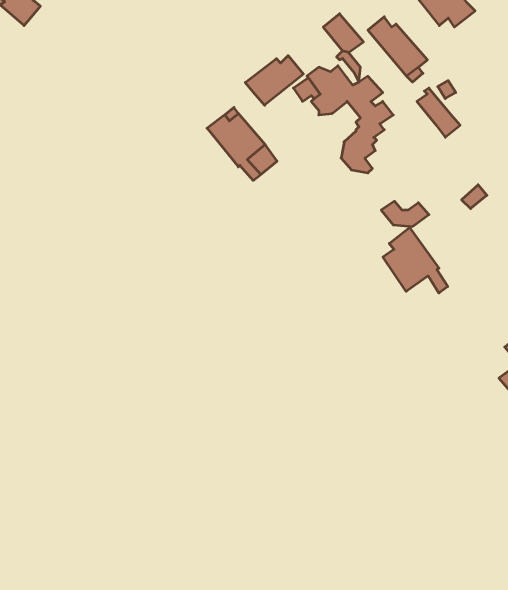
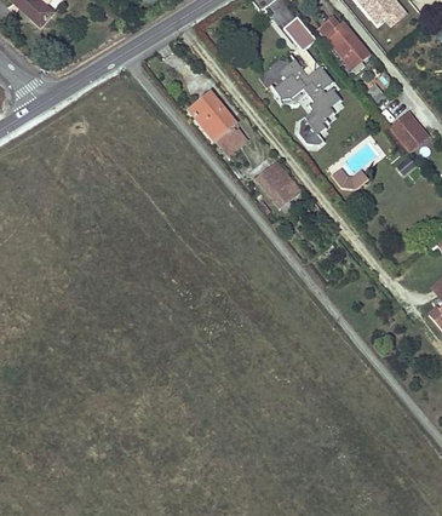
building: [245,56,303,105] -> none
building: none -> [390,113,427,151]
building: none -> [257,161,300,206]
building: [383,228,448,293] -> none

